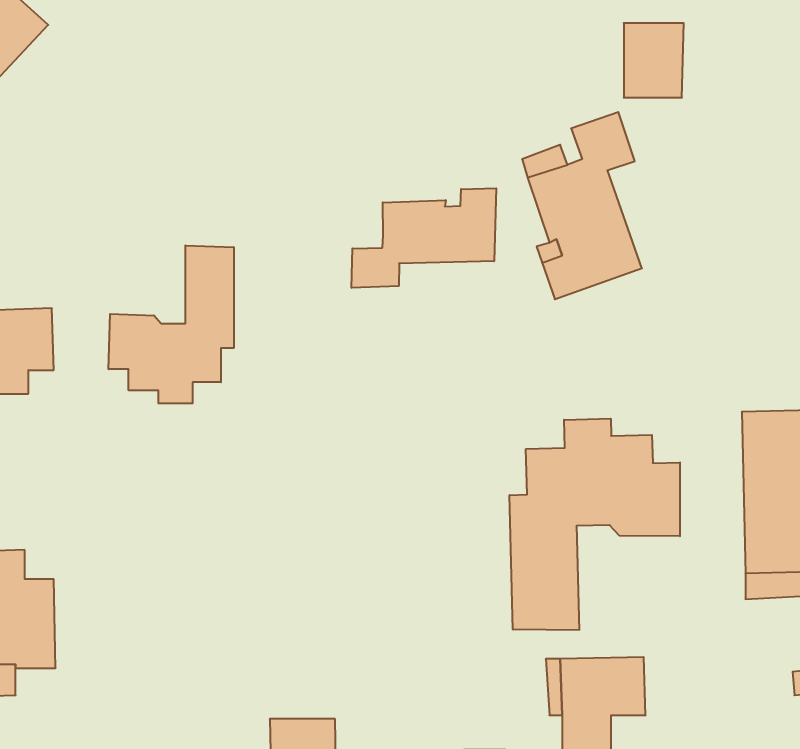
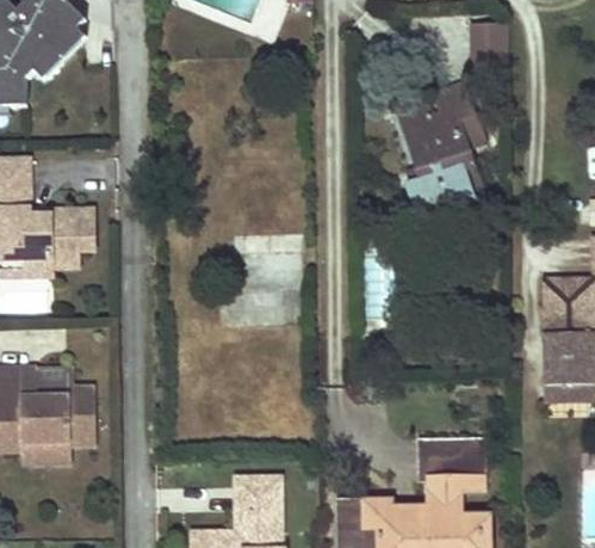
building: [352,188,496,288] -> none
building: [109,245,234,403] -> none
building: [510,419,680,630] -> none

